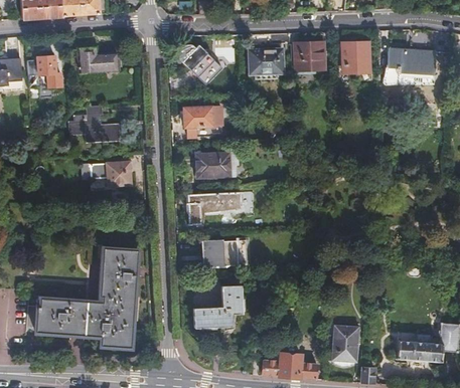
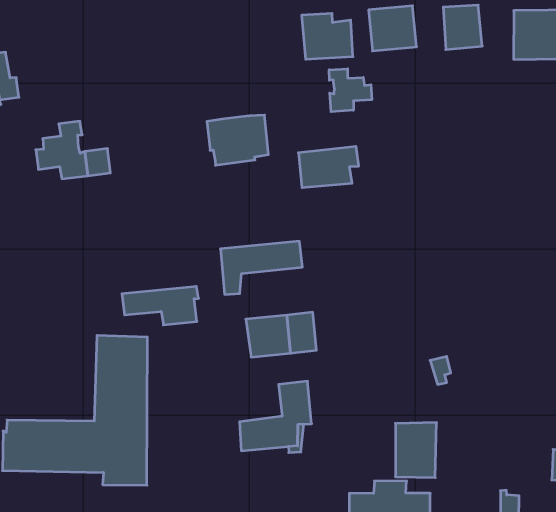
building: [181,43,218,80] -> none
building: [68,46,117,72] -> none
building: none -> [329,69,372,112]
building: [195,154,235,179] -> [298,146,359,188]
building: [81,161,131,185] -> [122,286,199,325]
building: [330,326,359,363] -> [395,423,437,478]

